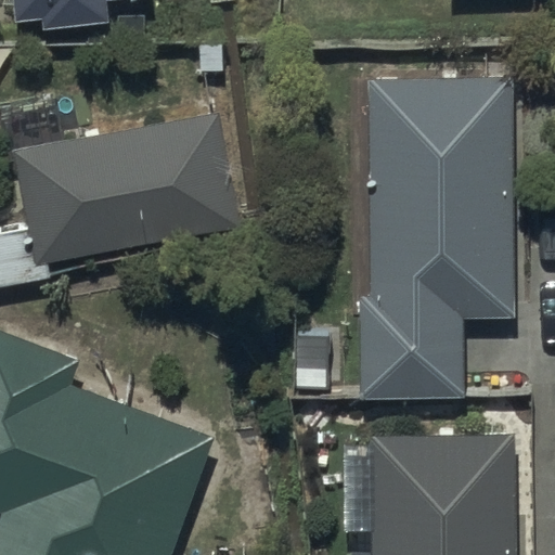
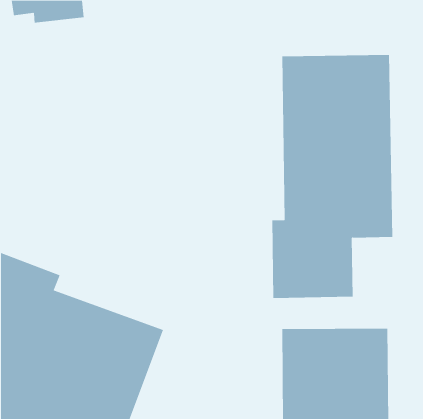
building: [16,115,236,261] -> none

